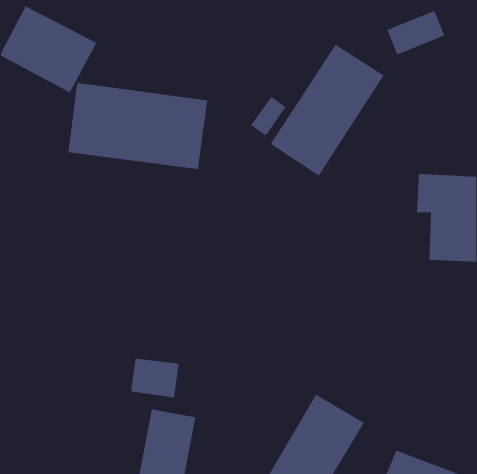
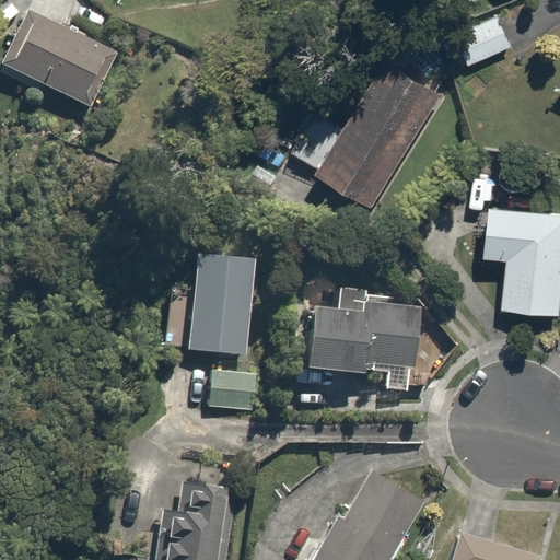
building: [68,82,208,170] -> none
building: none -> [164,254,258,359]
building: none -> [312,289,420,389]
building: [130,358,180,398] -> [206,366,264,413]

